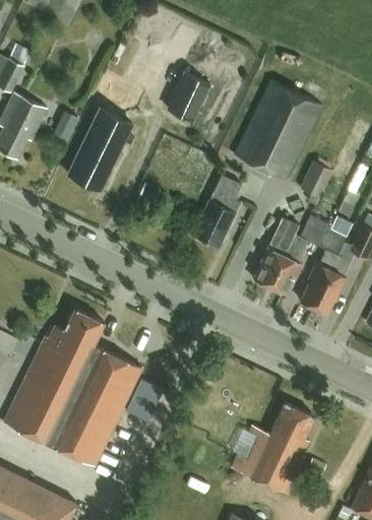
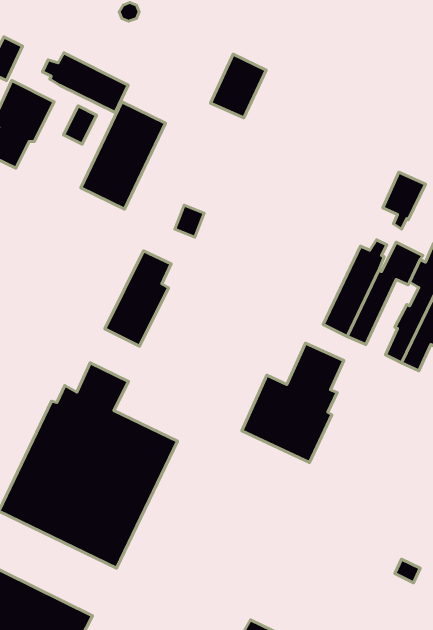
building: none -> [42,53,128,112]
building: [233,81,321,181] -> none
building: [191,175,242,248] -> [105,251,171,346]
building: [235,403,313,495] -> [242,343,344,463]

